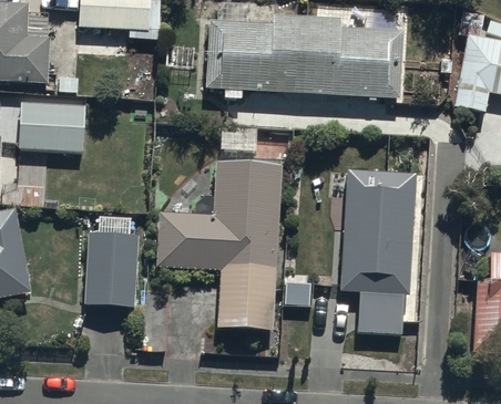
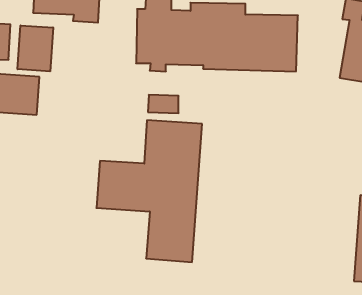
building: none -> [18,25,53,71]
building: [338,168,413,335] -> none
building: [83,214,140,307] -> none

